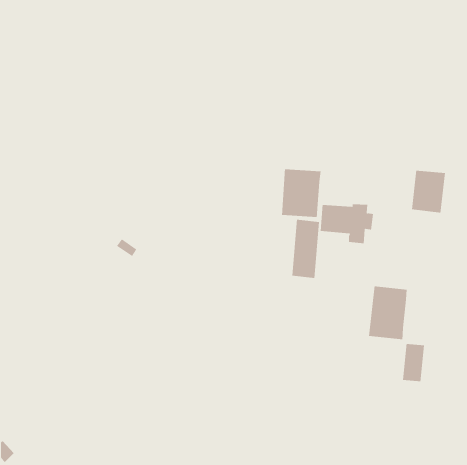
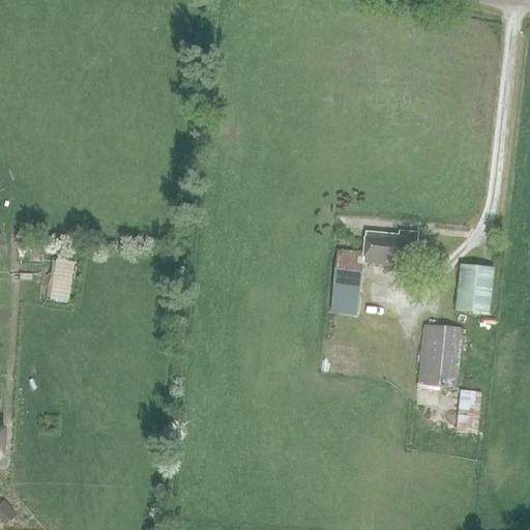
building: [282,168,321,218] -> none
building: [411,170,446,213] -> [454,264,494,313]

